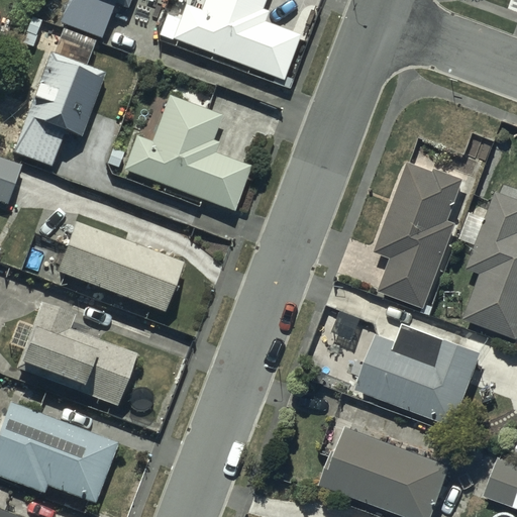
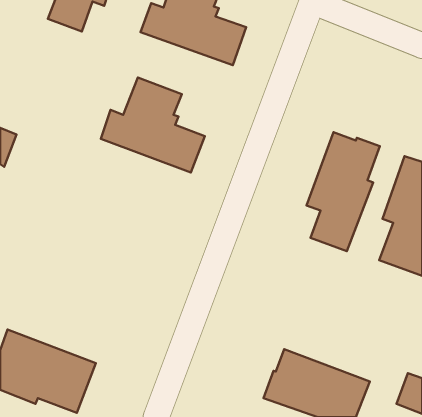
building: [12,51,104,168] -> none
building: [53,222,183,314] -> none
building: [17,303,134,404] -> none
building: [357,324,484,427] -> none

